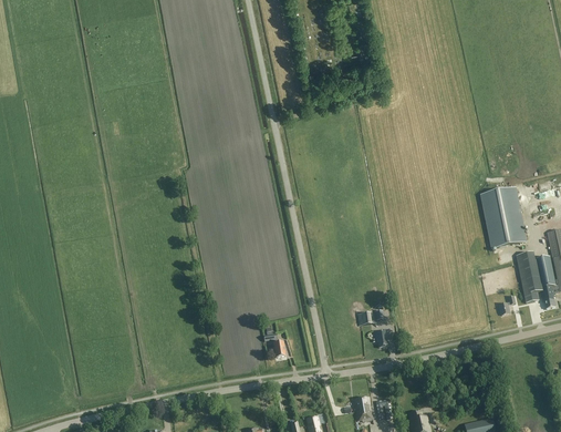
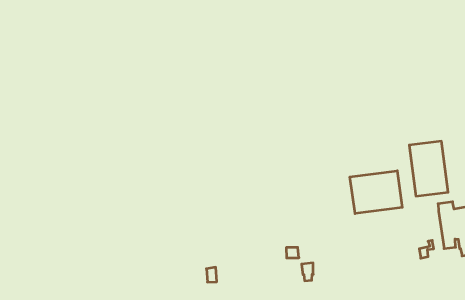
building: none -> [350,171,402,214]

